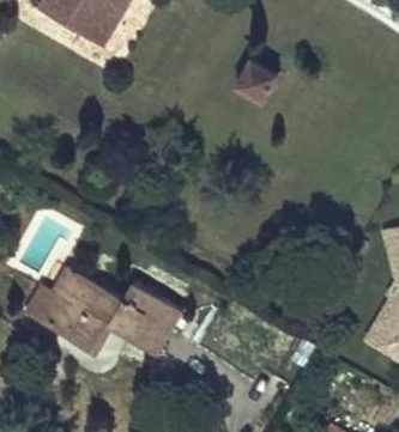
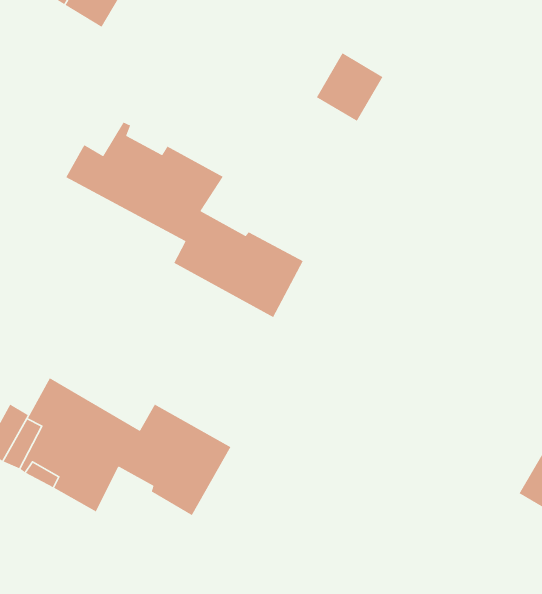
building: none -> [65,121,304,318]

